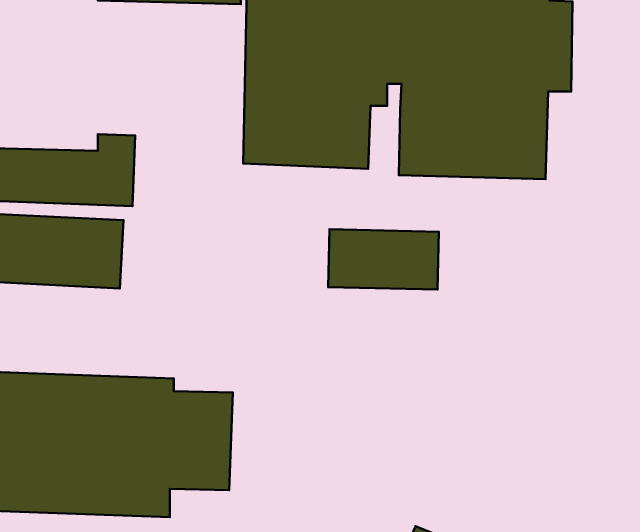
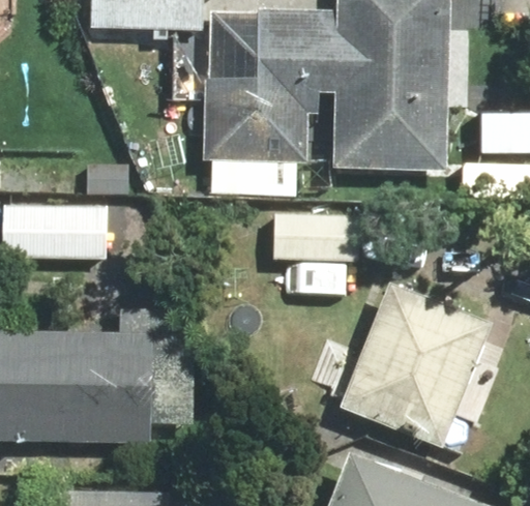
building: none -> [338,287,504,448]

